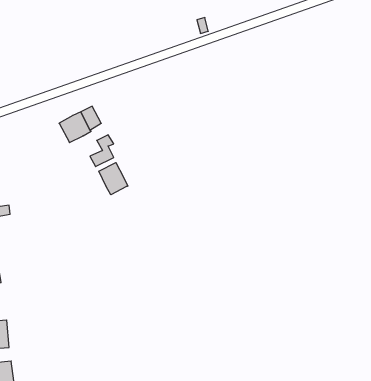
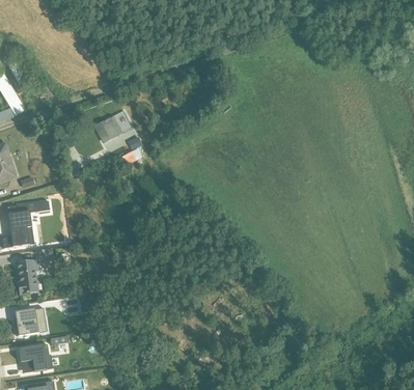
building: [99,163,128,195] -> none

